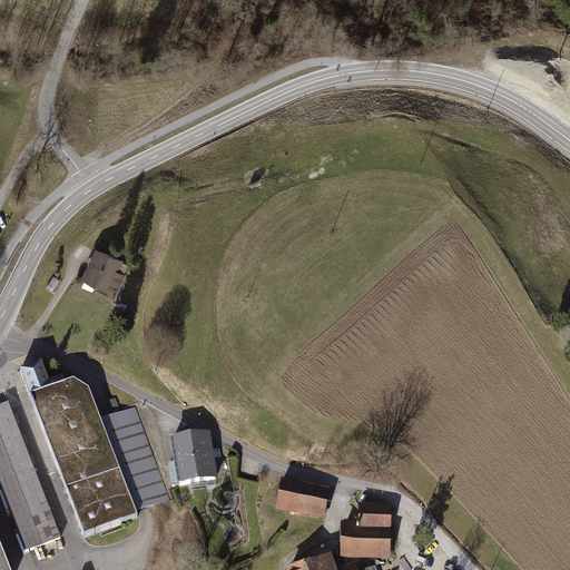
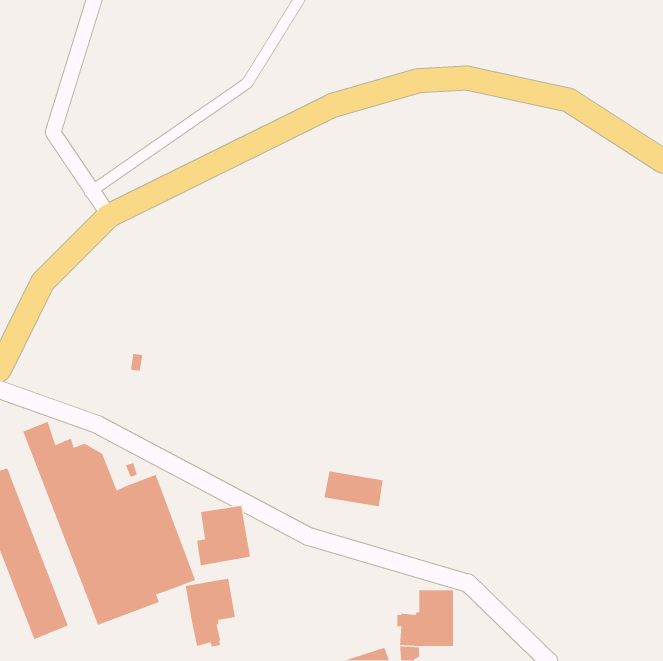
building: [83,248,125,291] -> none
building: [276,482,327,513] -> [324,471,383,507]
building: none -> [185,578,236,647]

